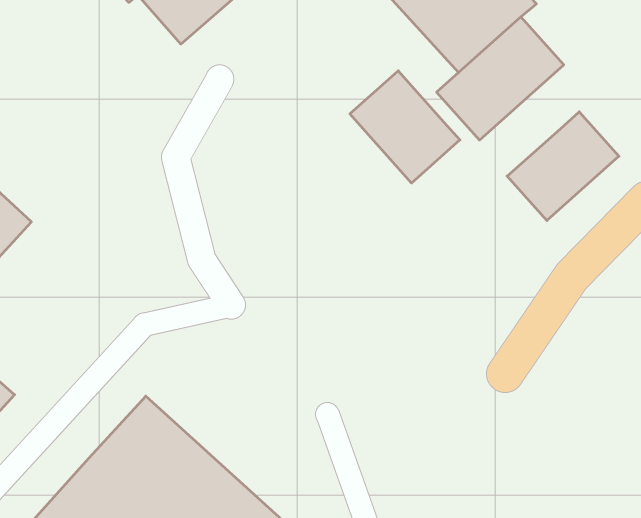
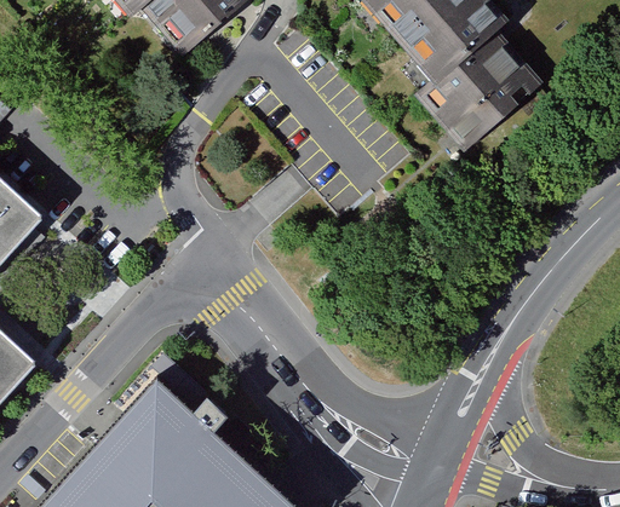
building: [350,71,460,183] -> none
building: [507,112,619,221] -> none

